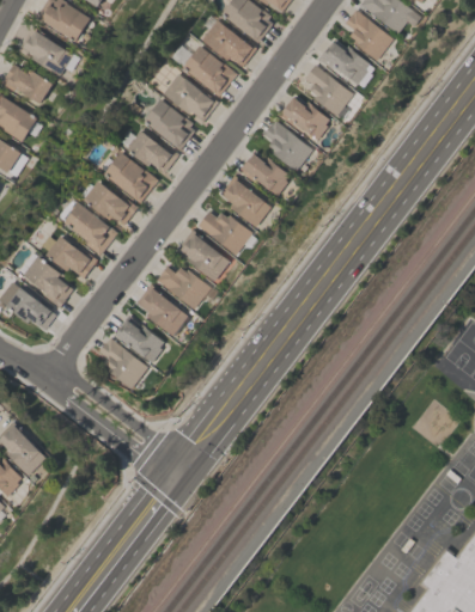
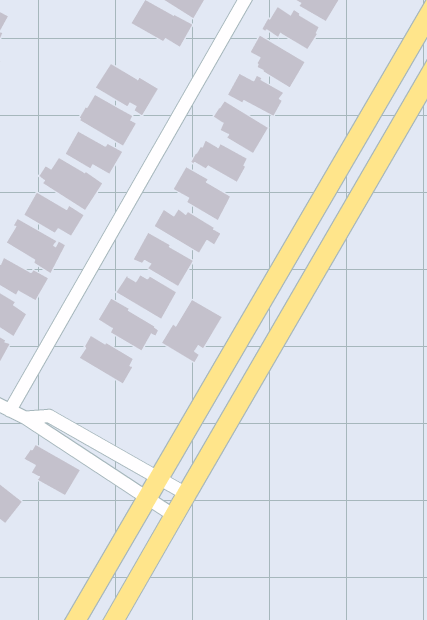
building: [182,45,236,97] -> none
building: none -> [161,299,222,363]
building: [98,338,148,388] -> [24,444,81,496]

